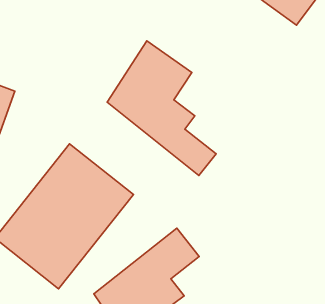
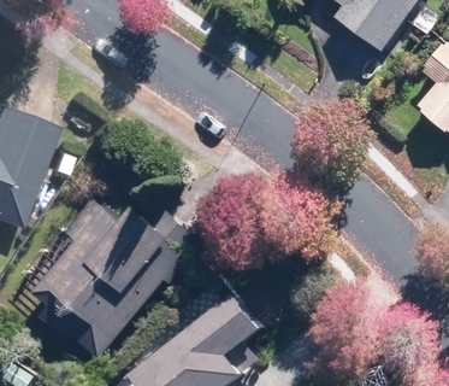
building: [107,41,216,176] -> none

